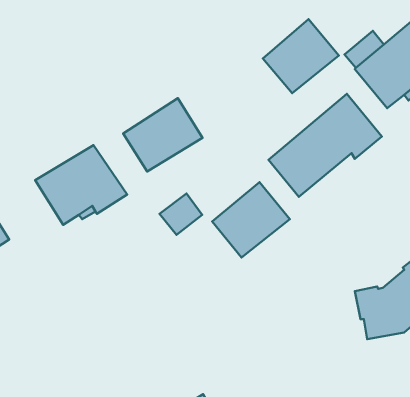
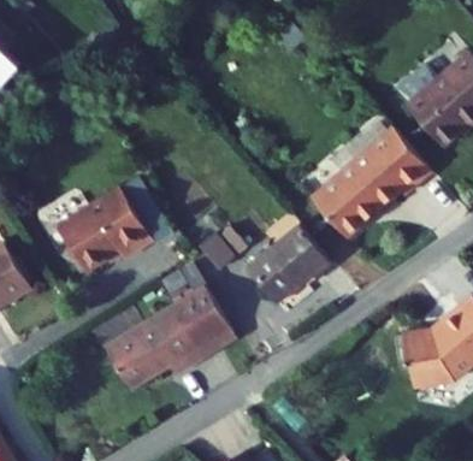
building: [263,19,339,93] -> none
building: [123,98,202,172] -> none
building: none -> [106,279,236,380]

